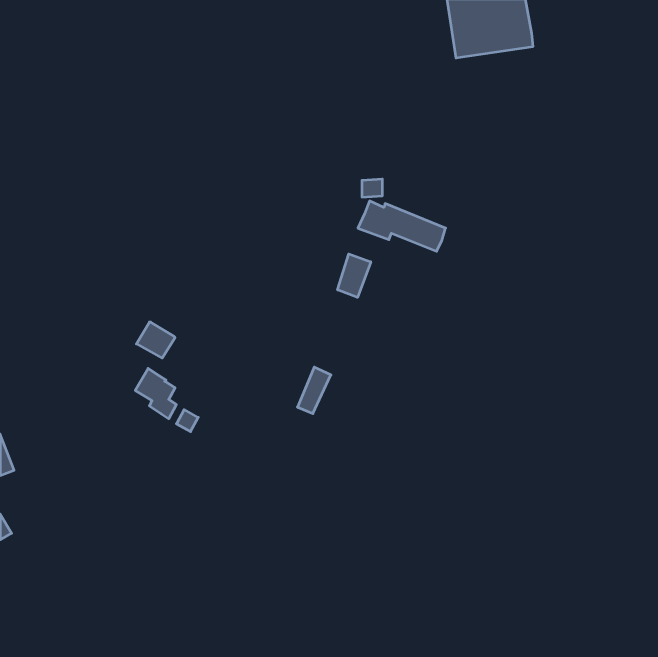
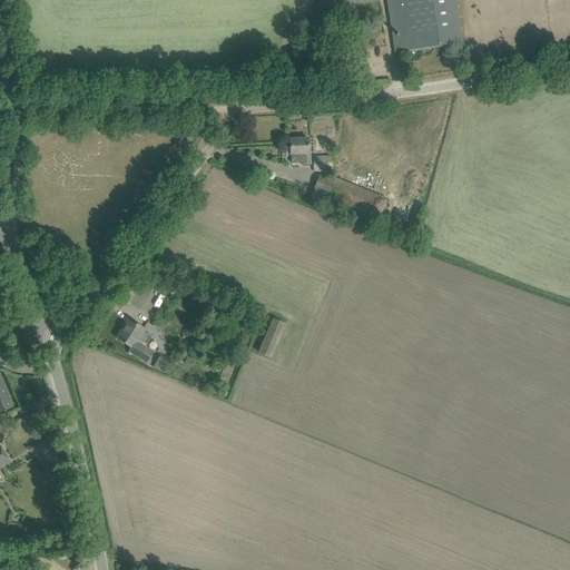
building: none -> [289,138,311,164]
building: [338,254,371,297] -> none

